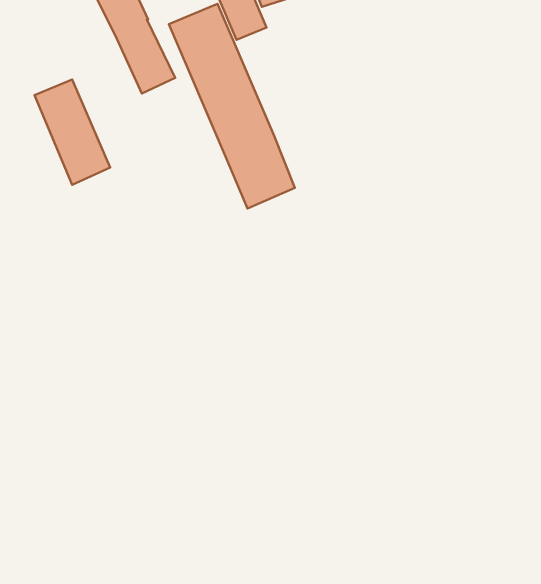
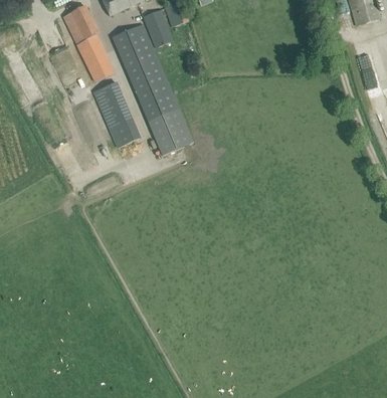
building: [34,79,110,185] -> [91,80,140,148]

